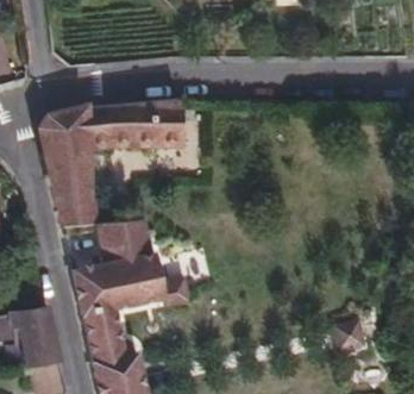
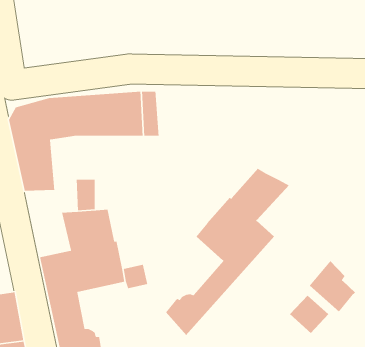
building: none -> [165,168,290,336]
building: none -> [309,260,356,313]

